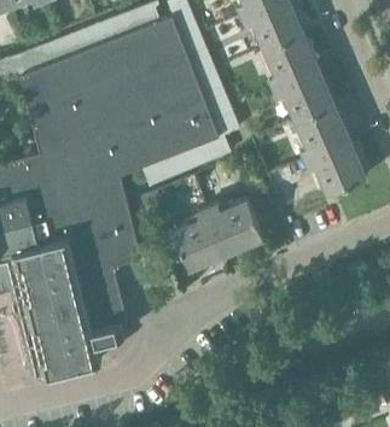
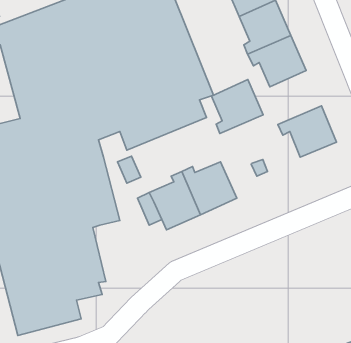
building: [296,105,349,160] -> [212,80,263,134]

